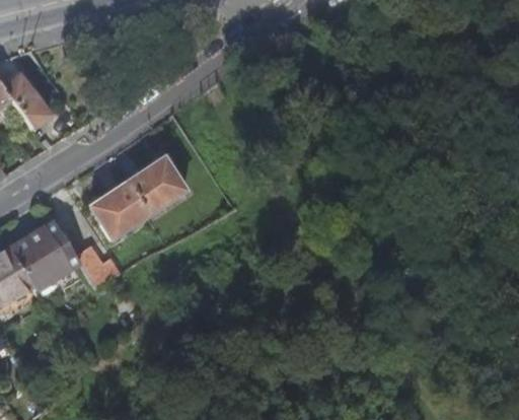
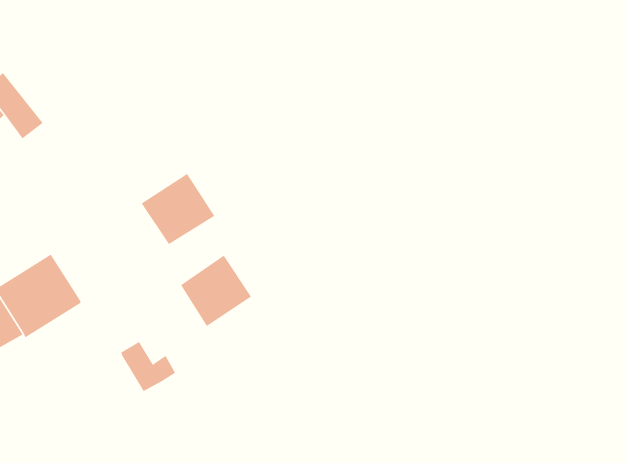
building: [91,180,149,237] -> [180,255,252,327]
building: [78,248,123,288] -> [121,341,176,392]

